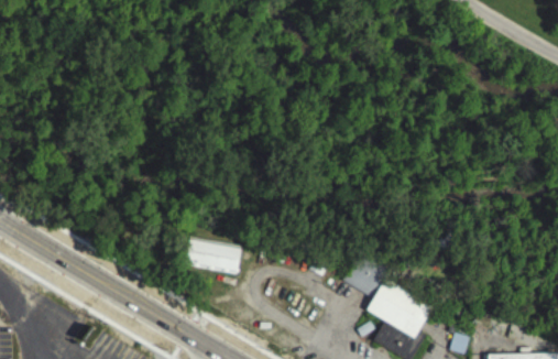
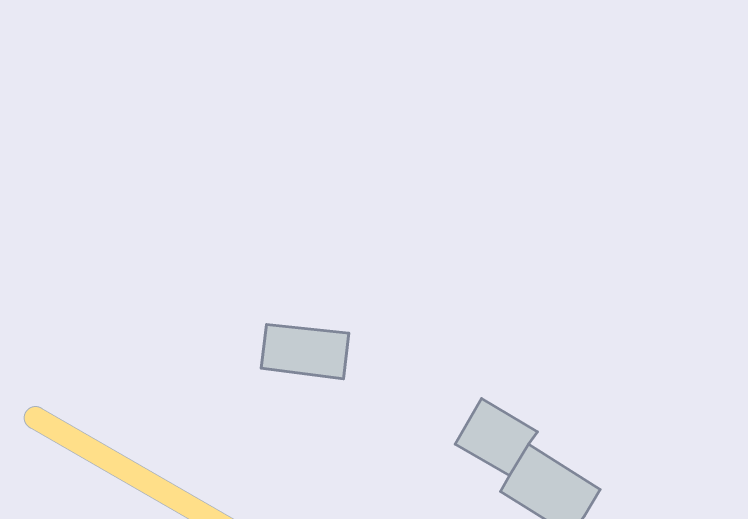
building: [186,240,241,274] -> [261,324,349,379]

